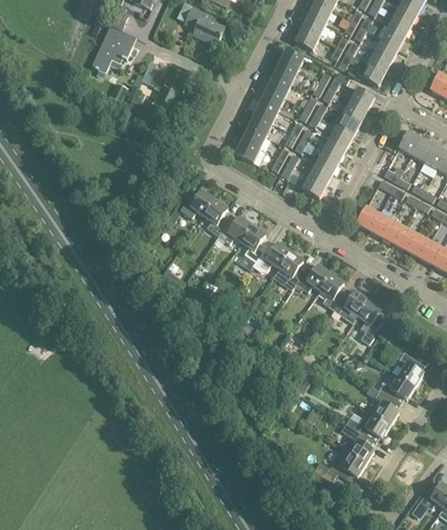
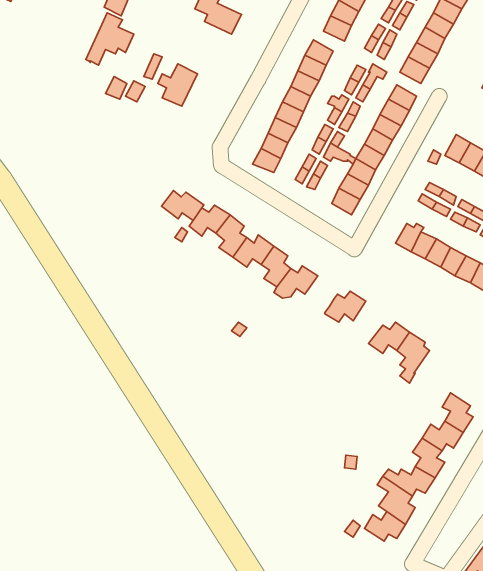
building: none -> [162,190,204,220]
building: [273,250,304,288] -> none
building: [320,272,346,309] -> none

